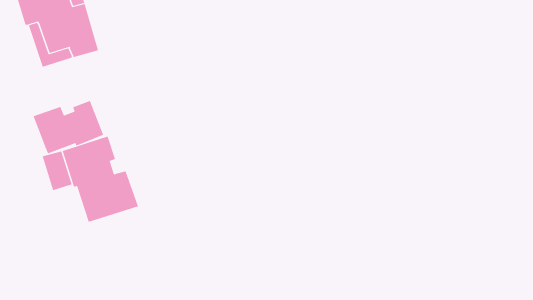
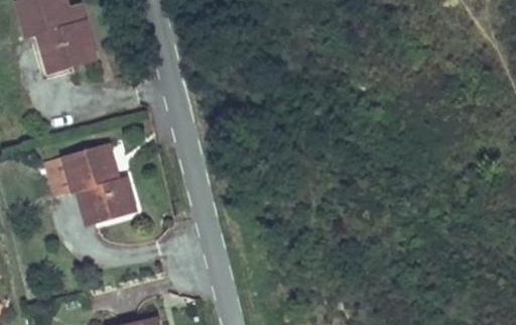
building: [33,100,104,154] -> none

